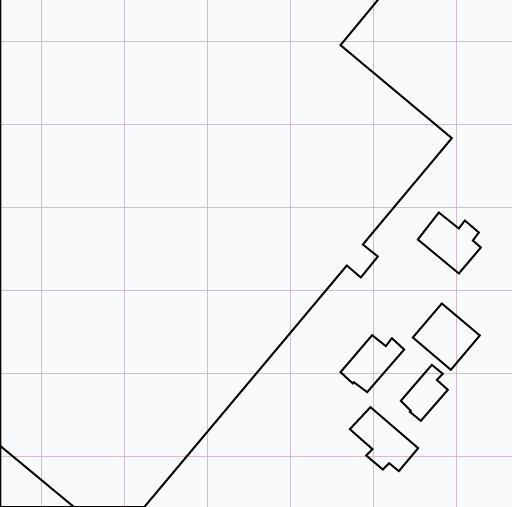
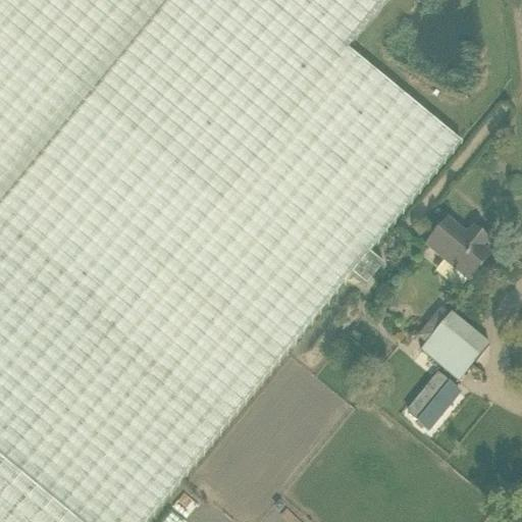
building: [340,335,404,392] -> none
building: [350,407,418,471] -> none

